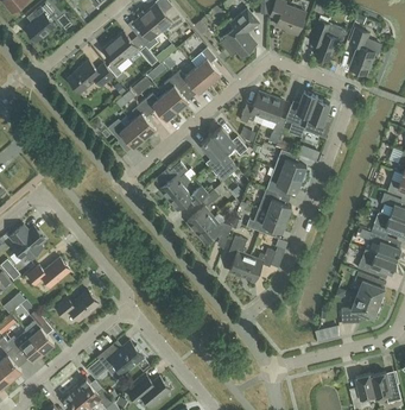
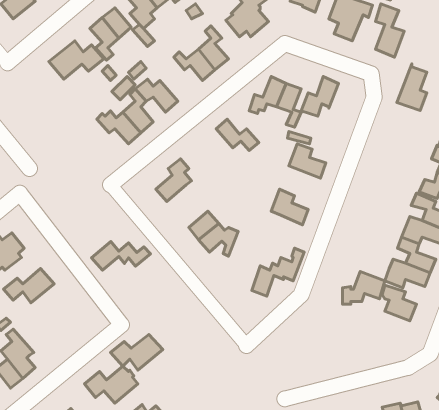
building: [162,75,188,113] -> none
building: [303,97,329,138] -> [397,64,427,111]
building: [200,137,232,176] -> none
building: [265,169,300,194] -> none
building: [167,185,219,210] -> [92,241,151,270]
building: [245,212,285,238] -> none
building: [228,236,248,277] -> none
building: [53,291,99,322] -> [111,335,163,370]
building: [341,295,378,323] -> [342,271,385,304]

